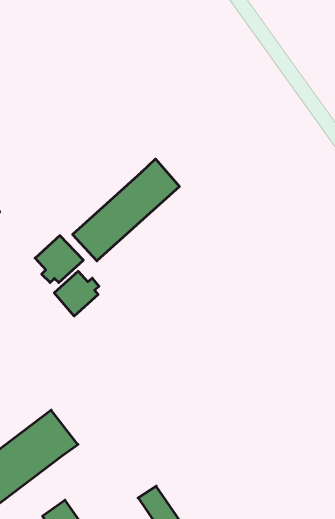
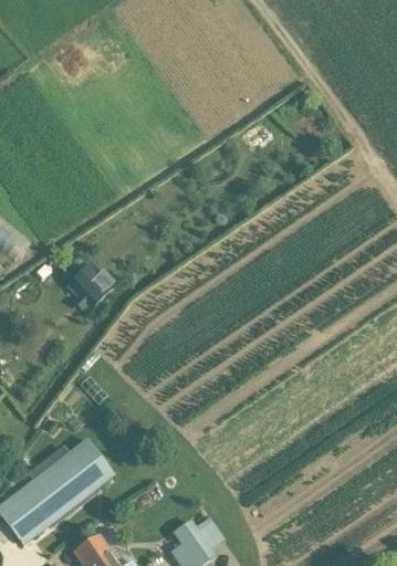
building: [73,159,179,261] -> none
building: [54,271,99,316] -> none

